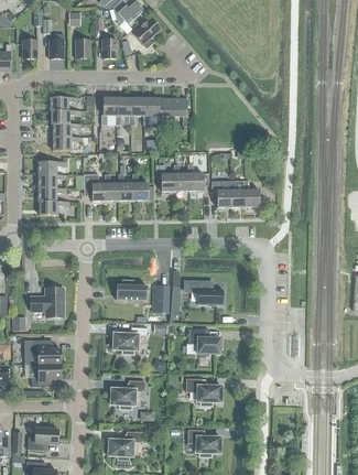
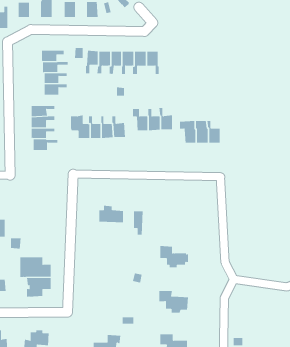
building: [183,280,223,304] -> none
building: [31,288,64,316] -> none
building: [113,327,147,354] -> none
building: [111,380,144,409] -> none

